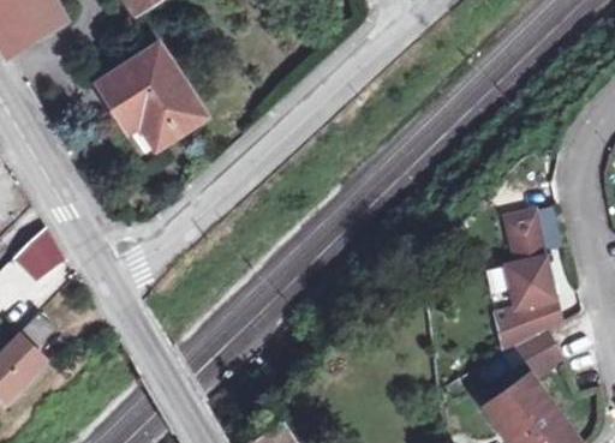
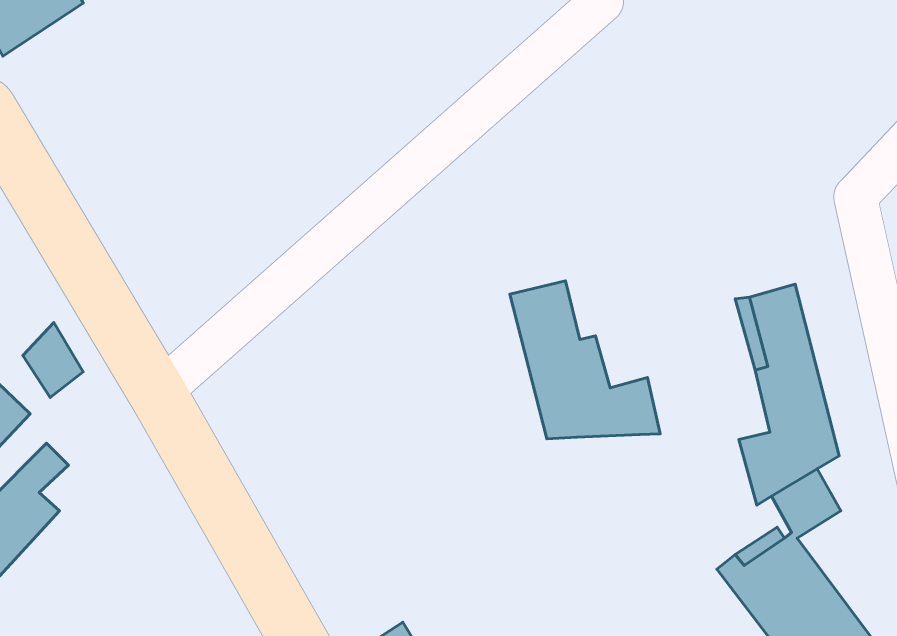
building: [105,47,208,154] -> none
building: none -> [510,281,660,439]

